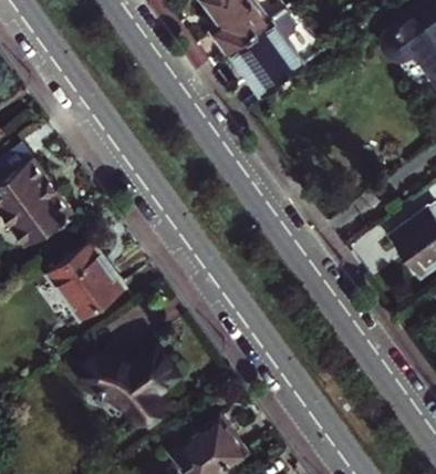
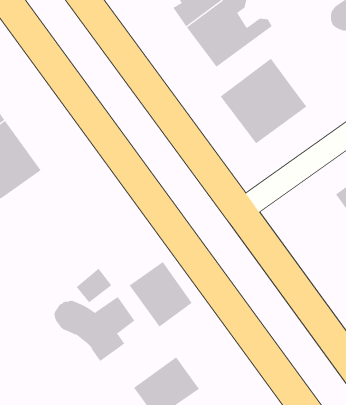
building: none -> [220,58,307,144]
building: [48,243,125,320] -> none
building: none -> [129,261,193,328]

